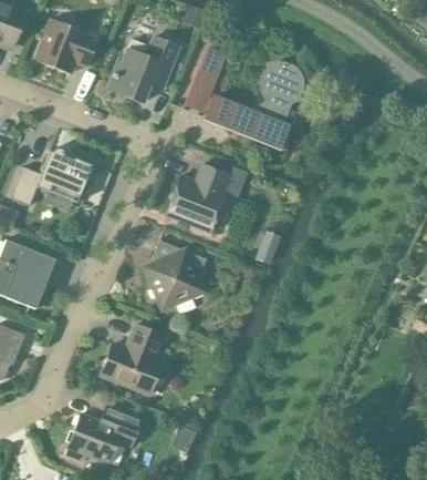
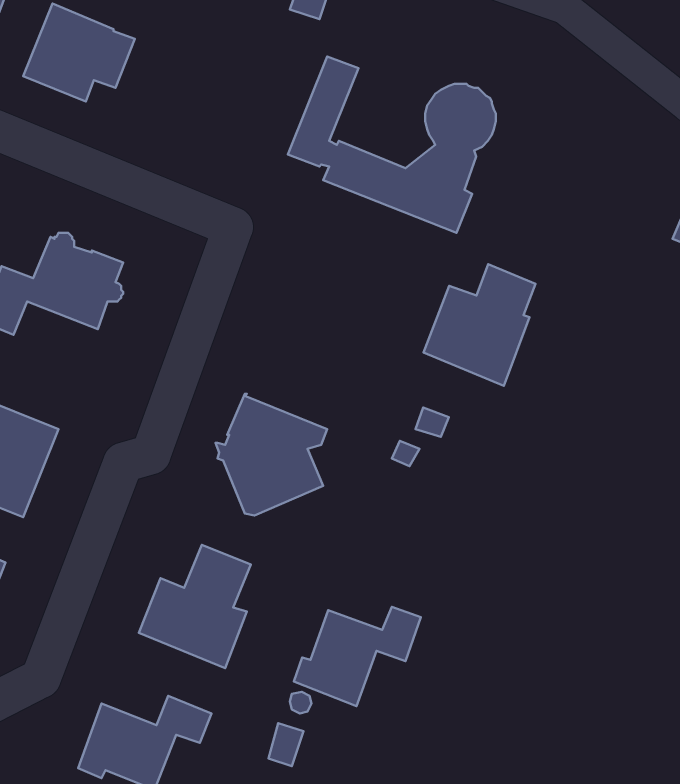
building: [107,35,179,102] -> none
building: [166,163,229,232] -> [424,264,535,386]
building: none -> [294,607,421,706]

